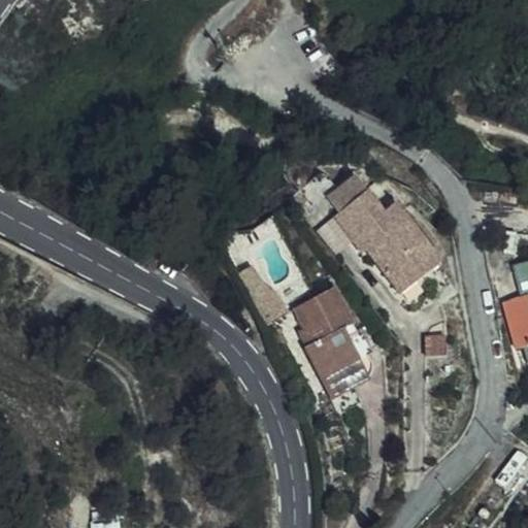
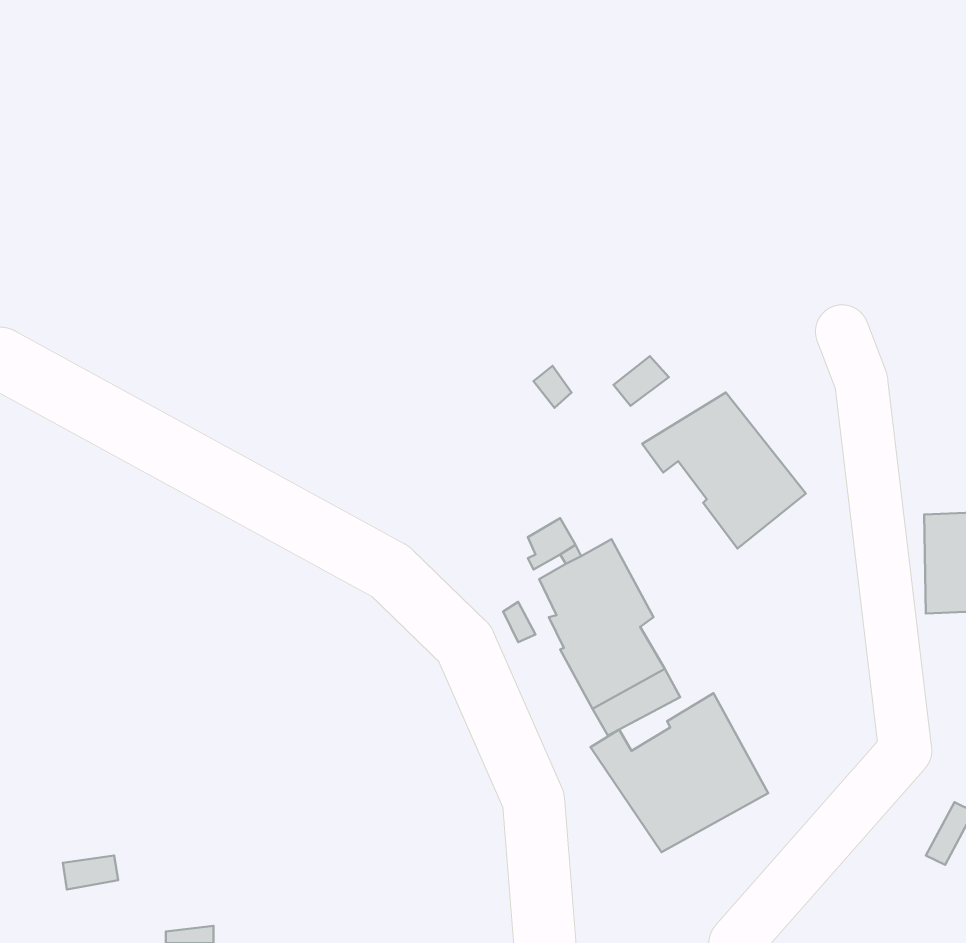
building: [341,200,397,240] -> none
building: none -> [591,693,768,852]

